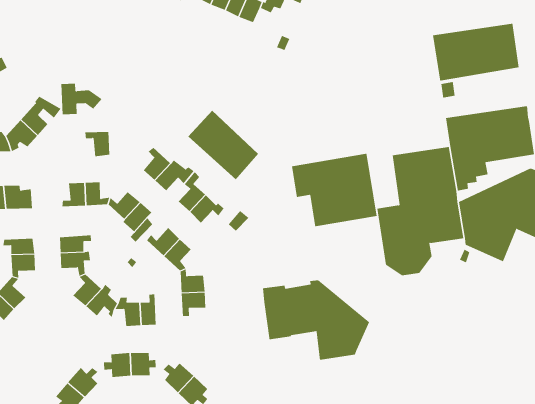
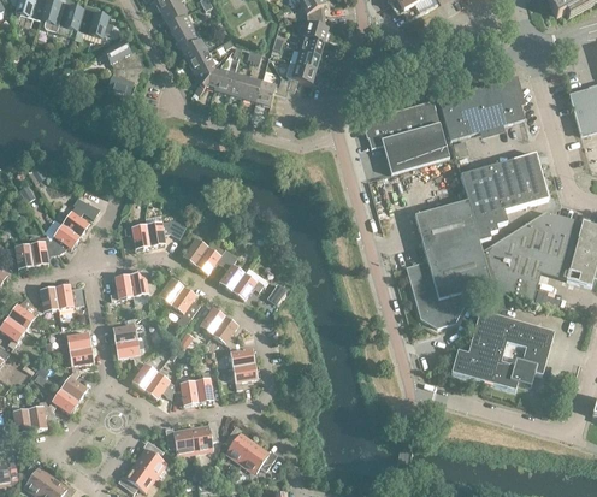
building: [60,83,102,115] -> [146,213,187,244]
building: [187,110,259,180] -> none
building: [291,153,378,227] -> [362,97,449,172]
building: none -> [456,314,560,394]
building: [262,280,370,361] -> none

